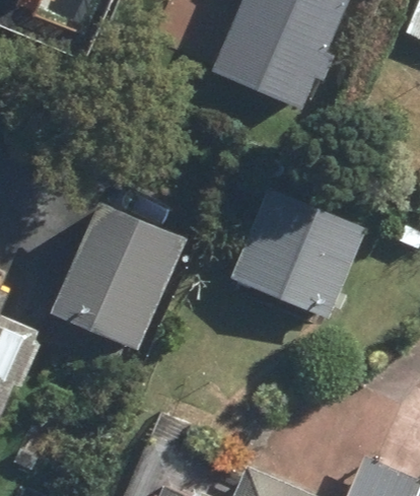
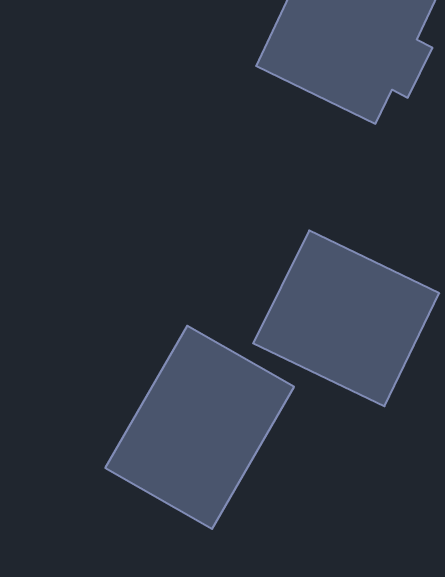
building: [51,201,186,350] -> [105,326,294,529]

